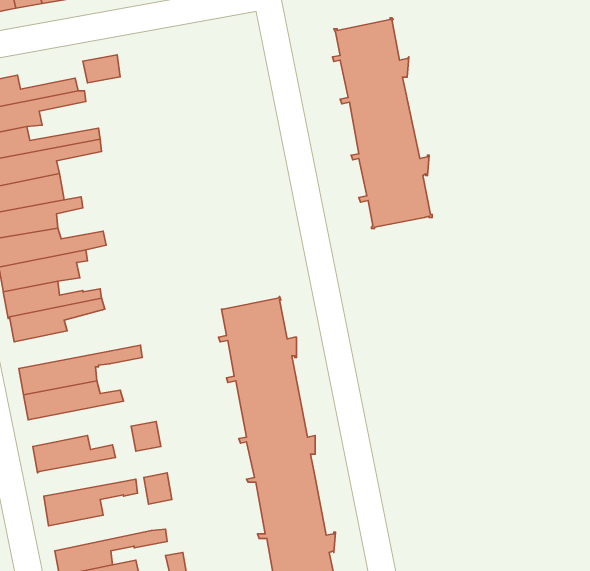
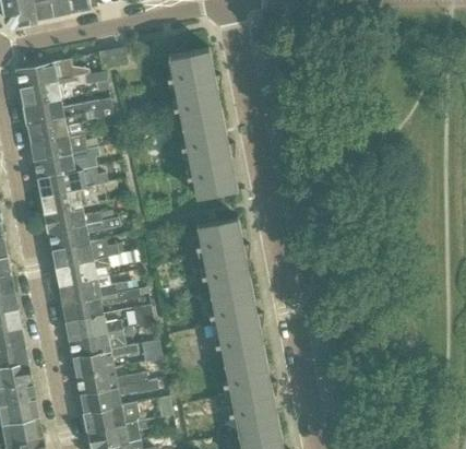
building: [332,18,432,229] -> [167,47,237,194]
building: none -> [51,238,118,267]
building: none -> [61,286,147,321]
building: none -> [69,327,133,356]
building: none -> [75,369,147,394]

